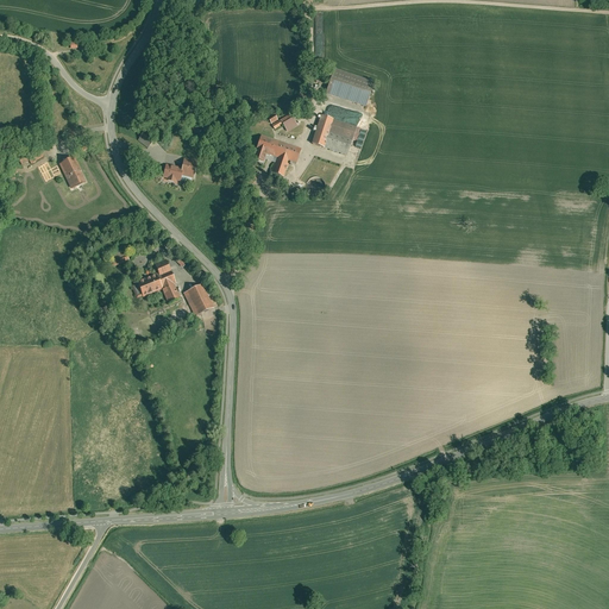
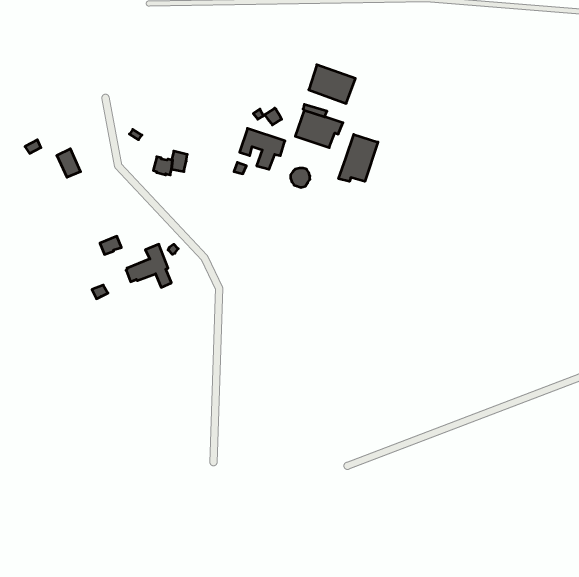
building: none -> [339,134,378,181]
building: [183,283,213,316] -> none

